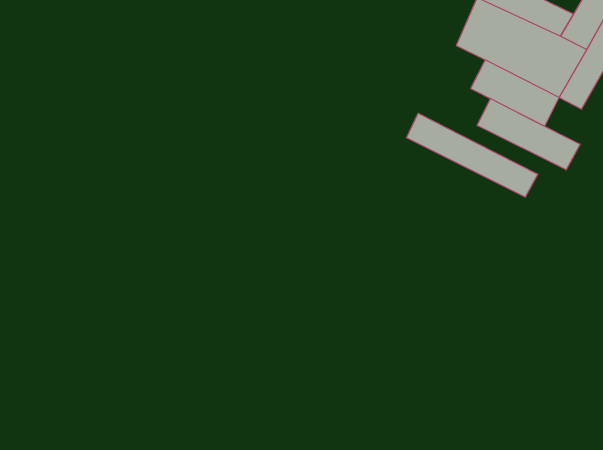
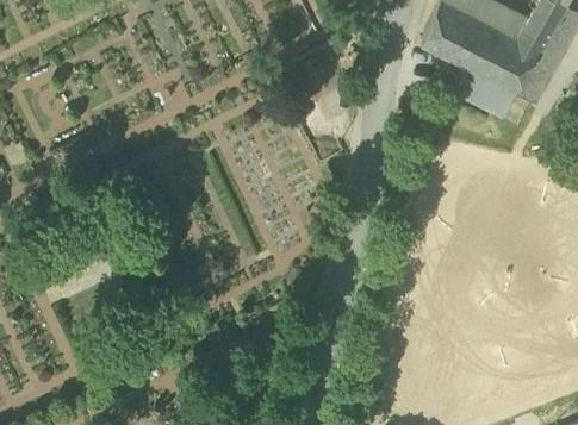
building: [477,98,580,170] -> none
building: [407,113,538,197] -> none

